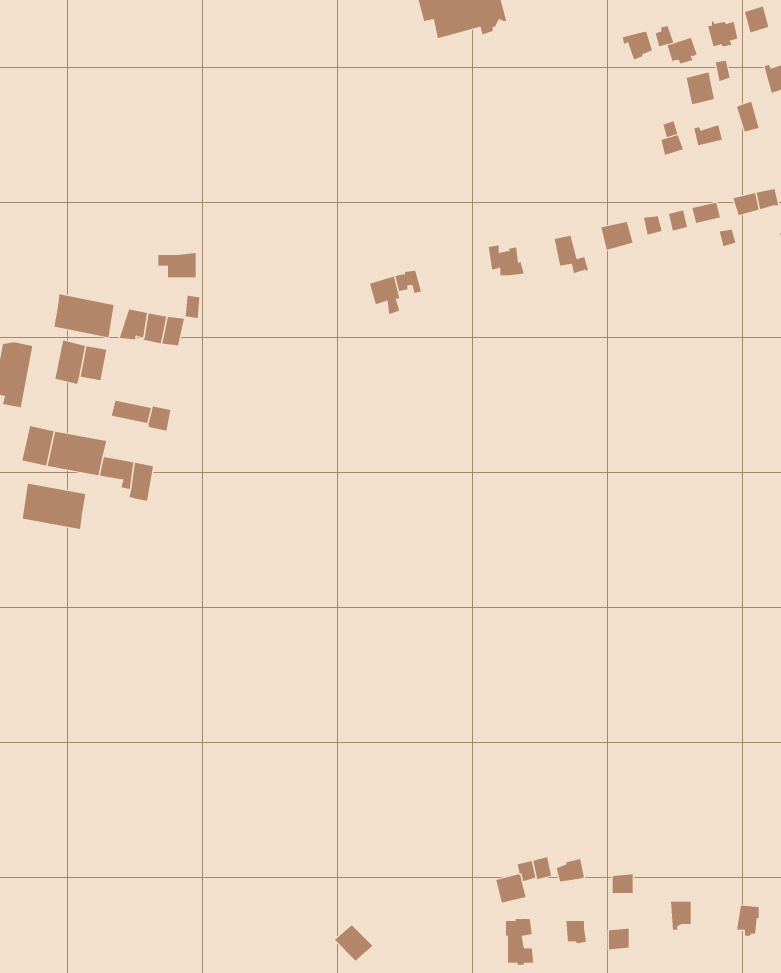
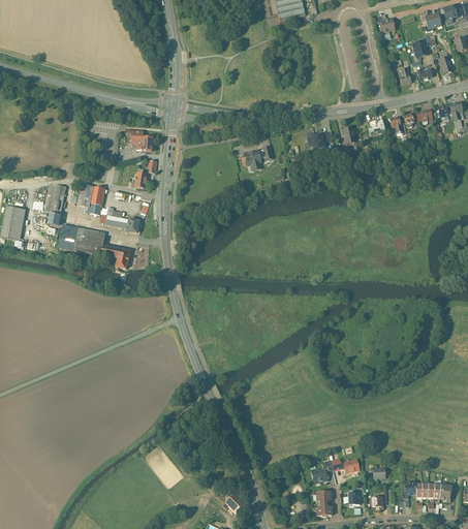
building: [54,293,114,338] -> none
building: [22,483,86,530] -> none

